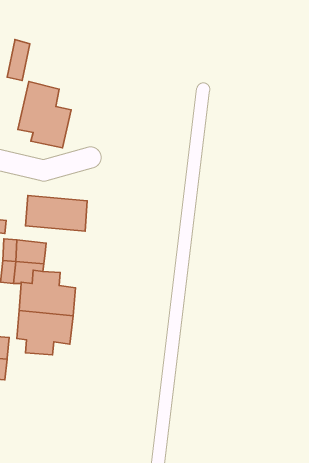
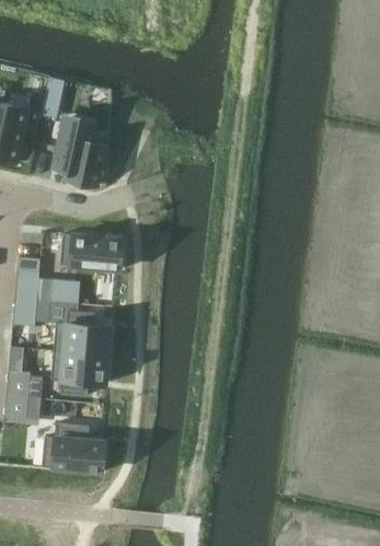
building: none -> [42,422,104,473]

